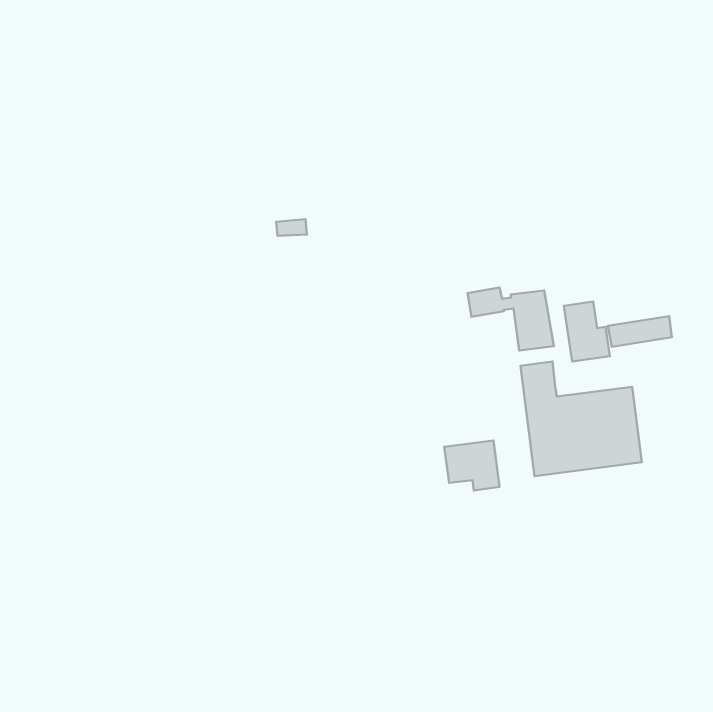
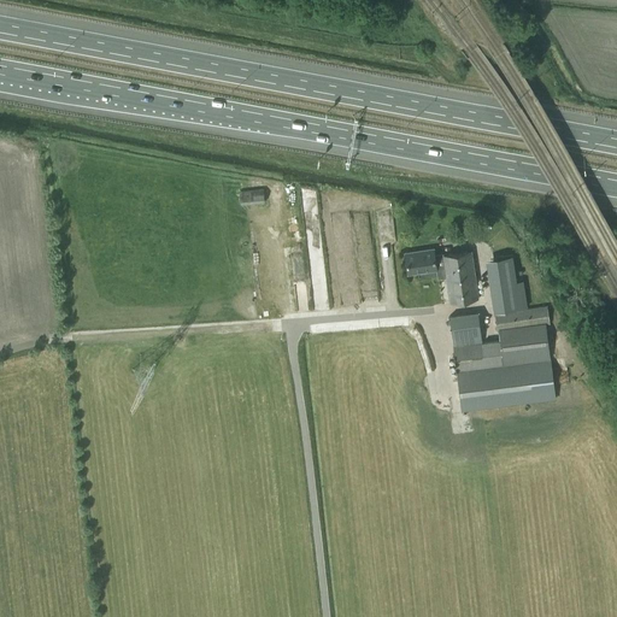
building: [608,316,672,347] -> [494,307,550,334]
building: [444,441,500,491] -> none

